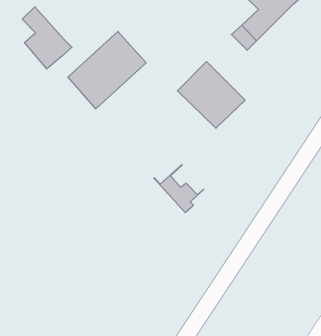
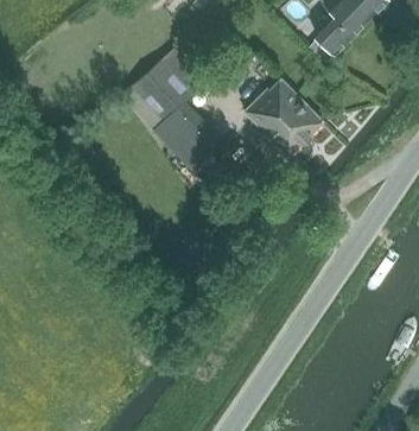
building: [22,7,72,69] -> none
building: [154,164,204,212] -> [152,116,209,171]

